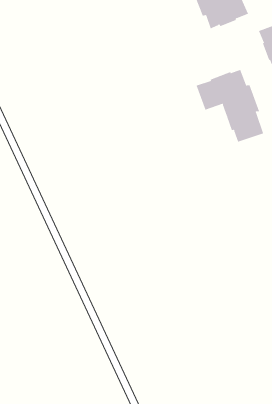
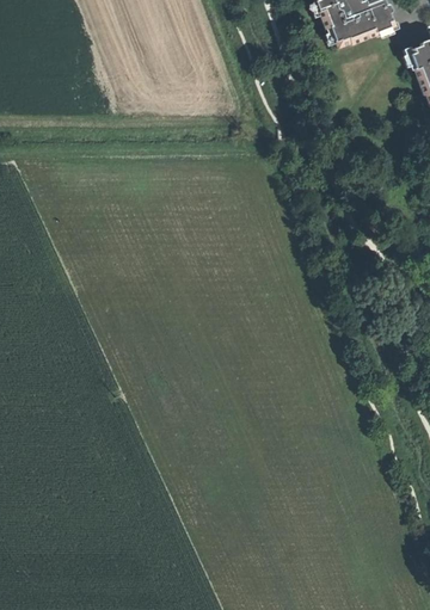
building: [196,69,264,143] -> none

